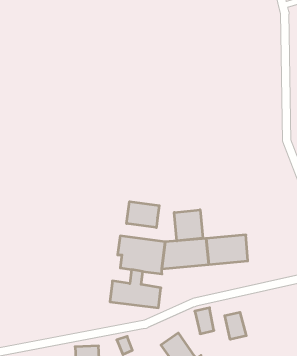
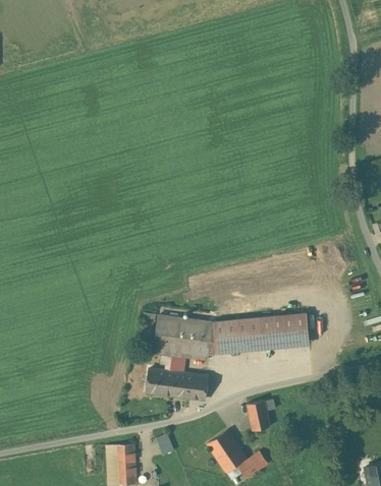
building: [127,202,159,228] -> none
building: [174,210,203,241] -> none
building: [225,312,246,339] -> none

